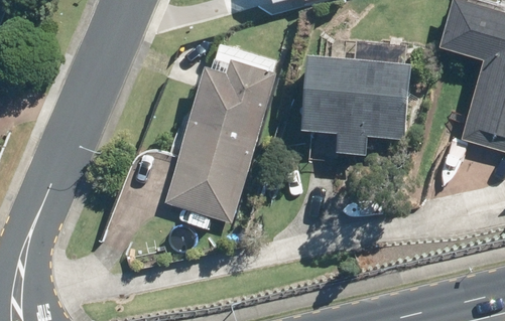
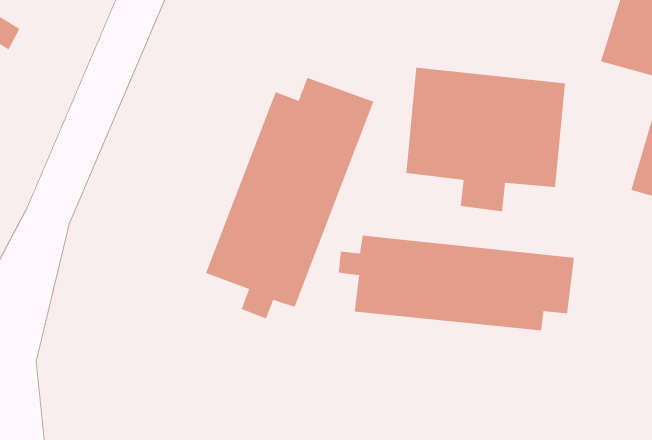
building: none -> [338,235,575,331]

